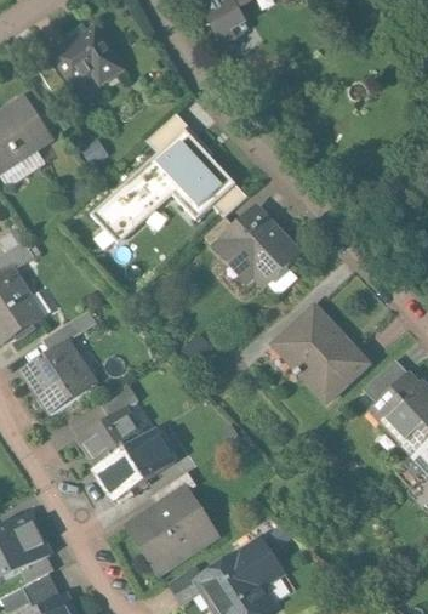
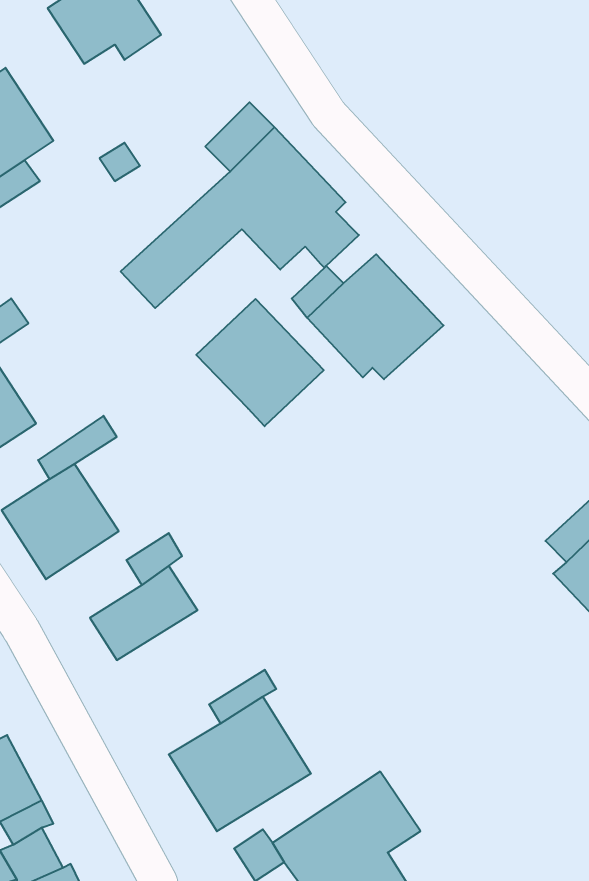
building: none -> [196,299,324,426]
building: [273,305,372,404] -> none
building: [91,426,178,501] -> none

